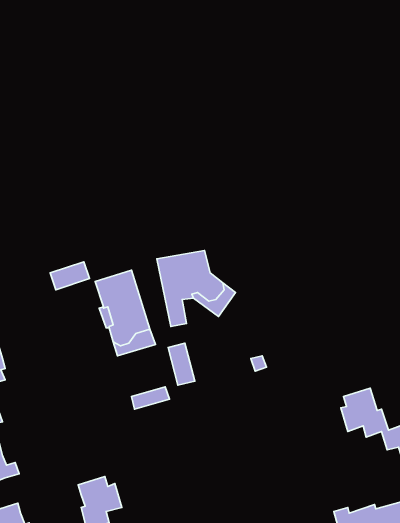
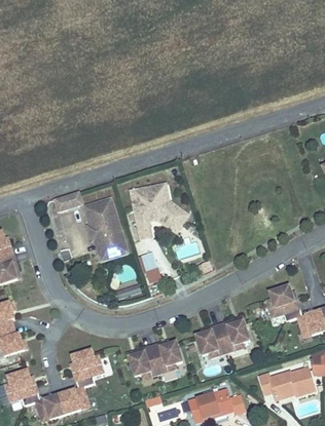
building: none -> [193,318,248,356]
building: none -> [127,339,181,374]

